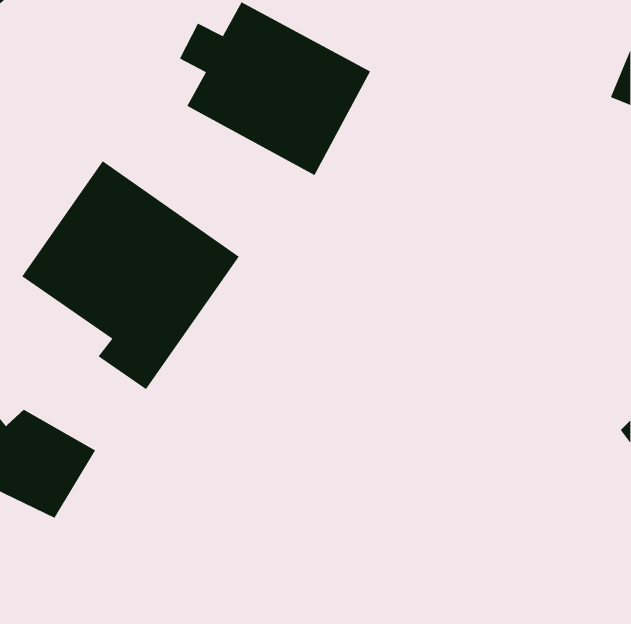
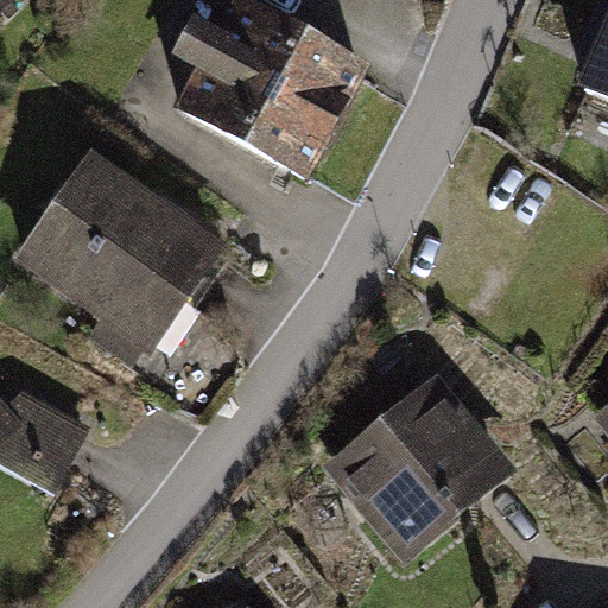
building: none -> [318,368,512,559]

